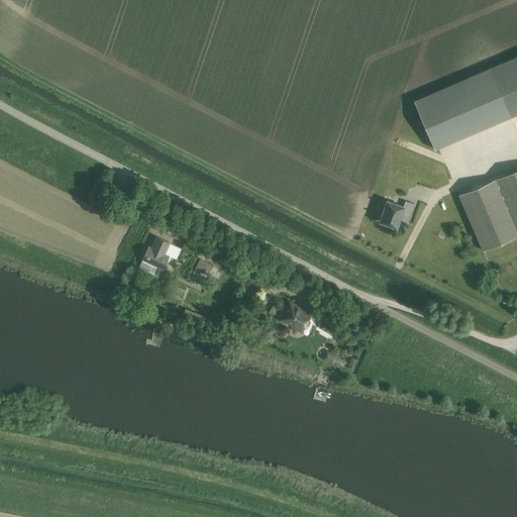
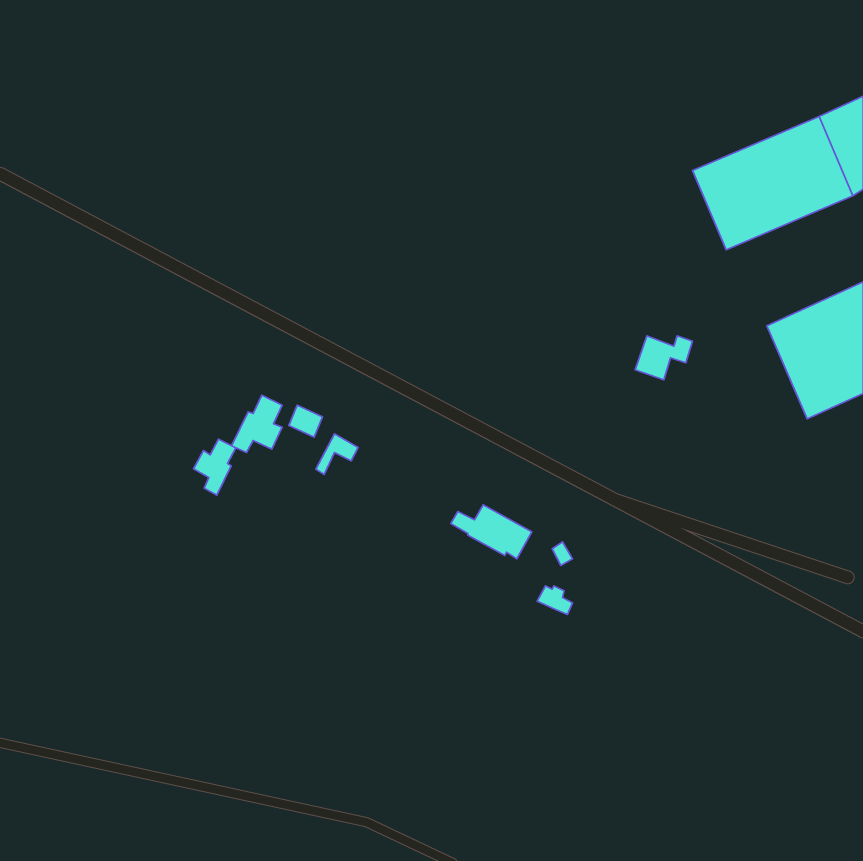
building: none -> [194,439,236,495]

